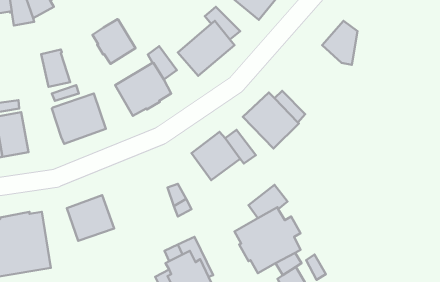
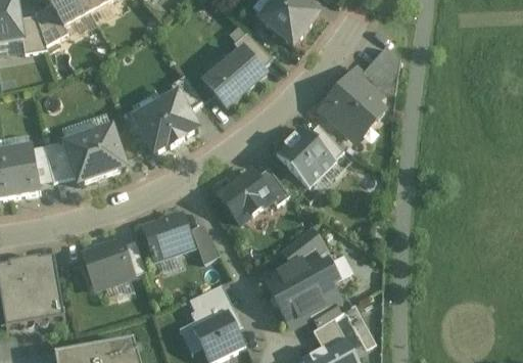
building: [93,19,136,64] -> none
building: none -> [321,70,382,135]
building: [41,49,70,87] -> [43,139,75,180]
building: none -> [142,213,191,258]

